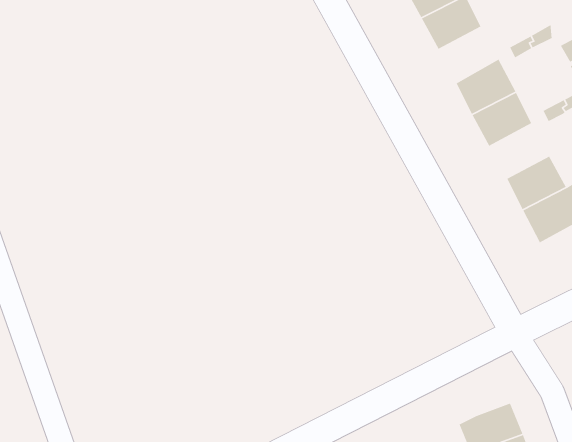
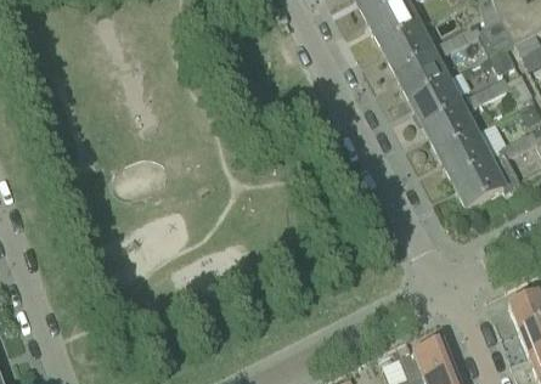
building: none -> [382,26,433,73]
building: none -> [424,107,475,153]

